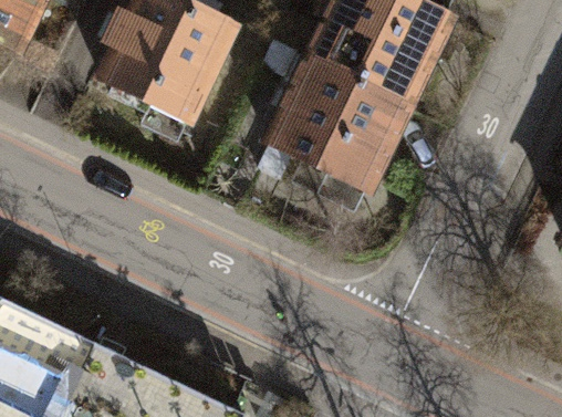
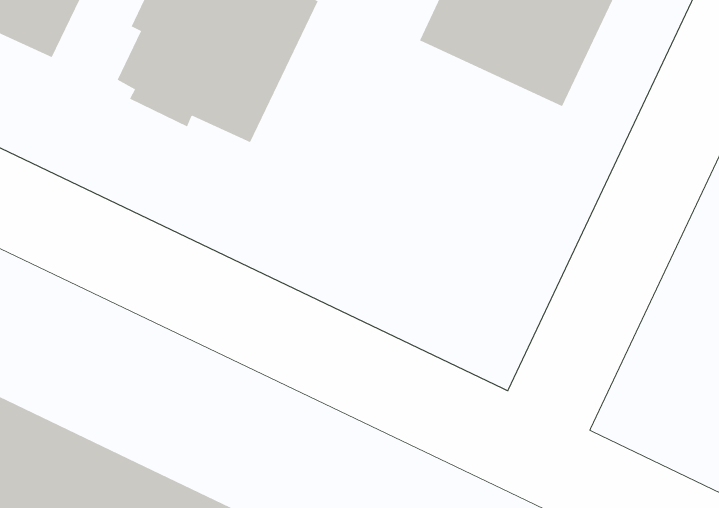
building: [256,51,406,181] -> none

